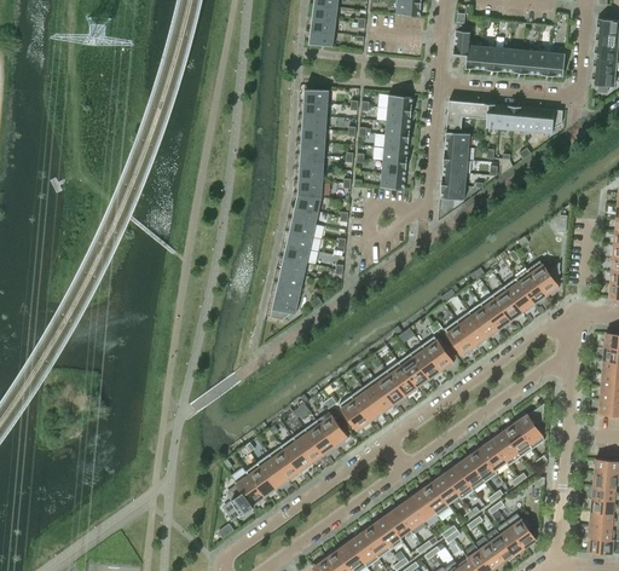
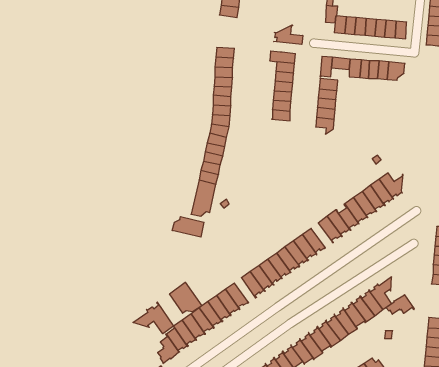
building: none -> [274,25,303,44]
building: none -> [172,217,204,237]
building: none -> [170,282,202,313]
building: none -> [385,295,414,314]
building: none -> [133,302,173,334]

